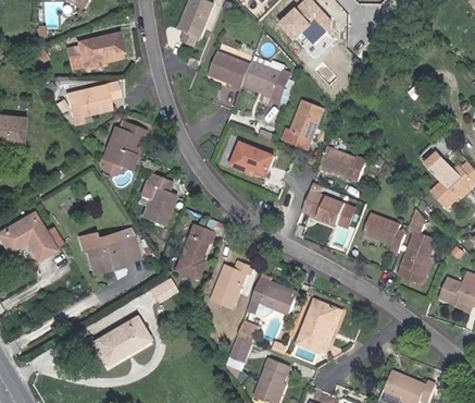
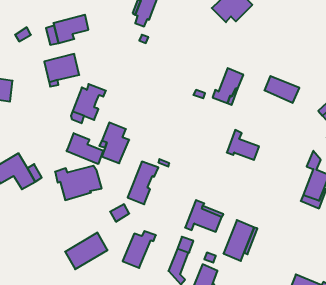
building: [209,52,296,106] -> none
building: [232,143,275,175] -> none
building: [321,147,366,182] -> [264,76,299,103]
building: none -> [67,133,103,164]
building: [310,204,355,231] -> none
building: [363,212,407,254] -> none
building: [211,261,254,309] -> [123,231,156,268]

